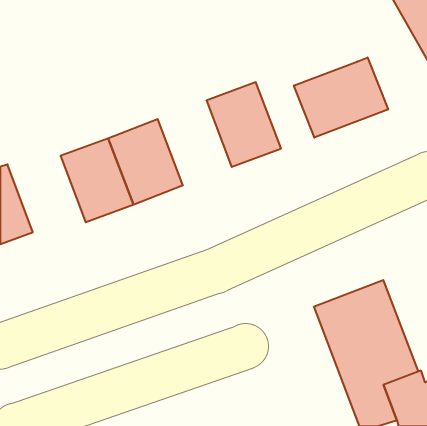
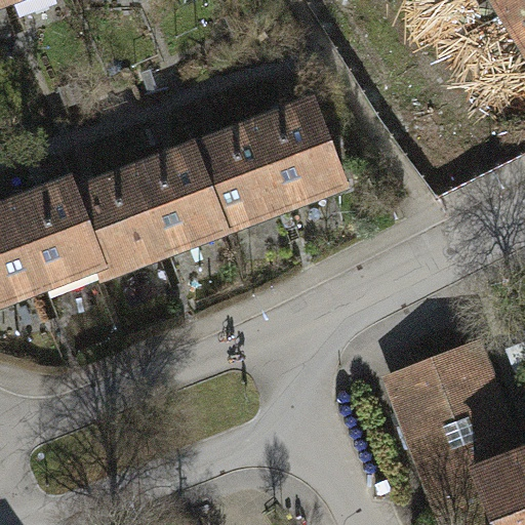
building: [294,57,388,138] -> none
building: none -> [195,123,285,227]
building: none -> [11,178,103,284]

